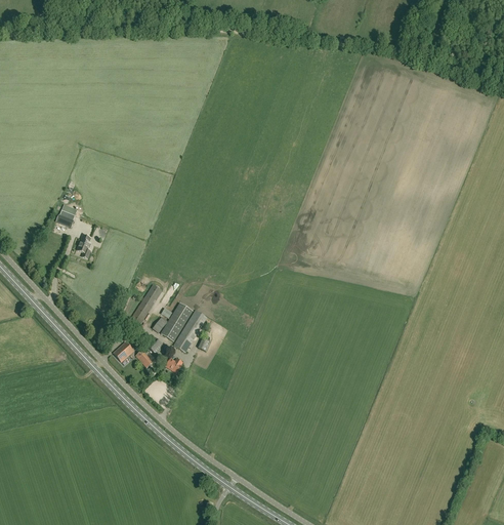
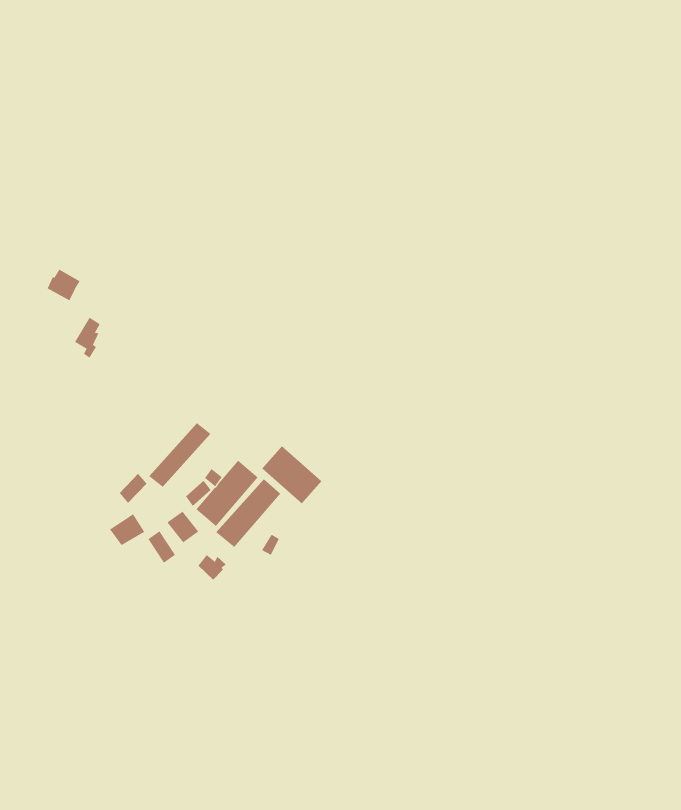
building: none -> [262,446,322,504]

